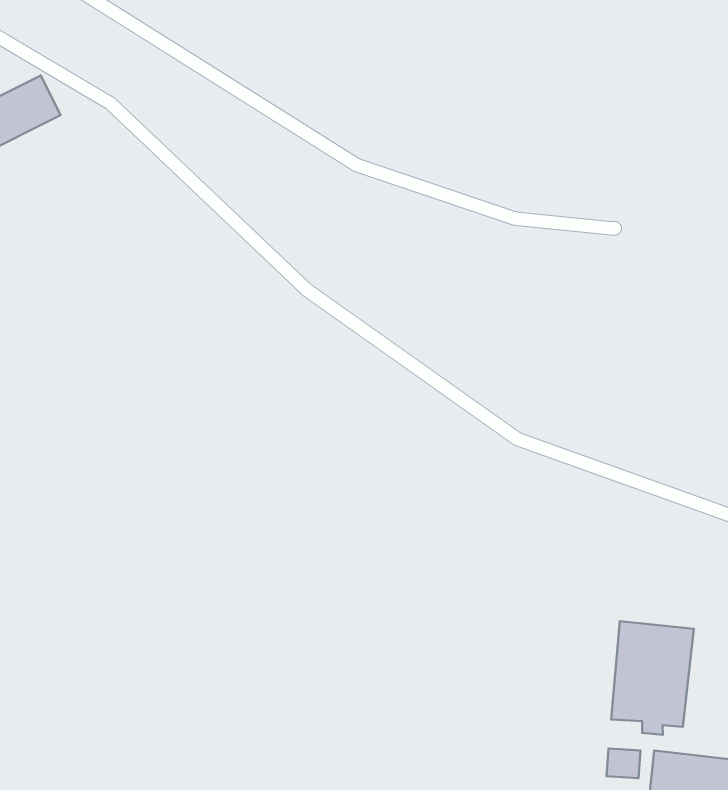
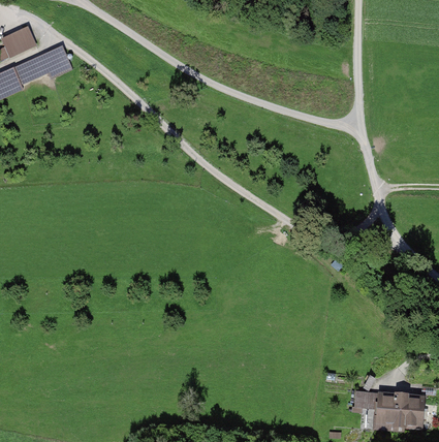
building: [611,621,694,735] -> none

